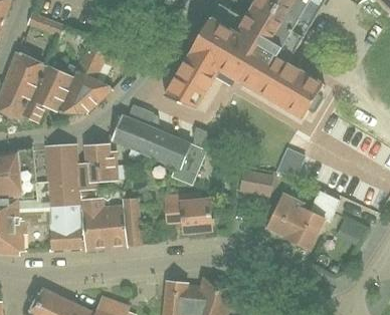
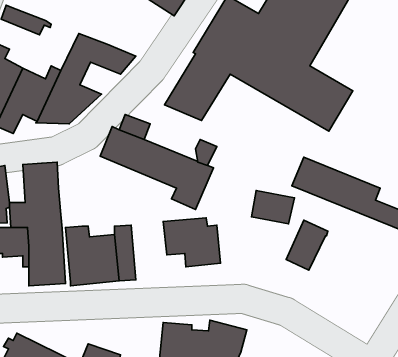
building: [75,143,117,189] -> none
building: [285,190,339,249] -> none

